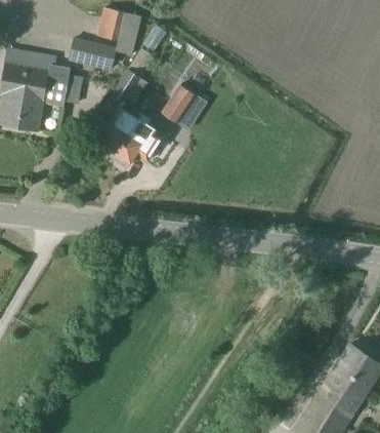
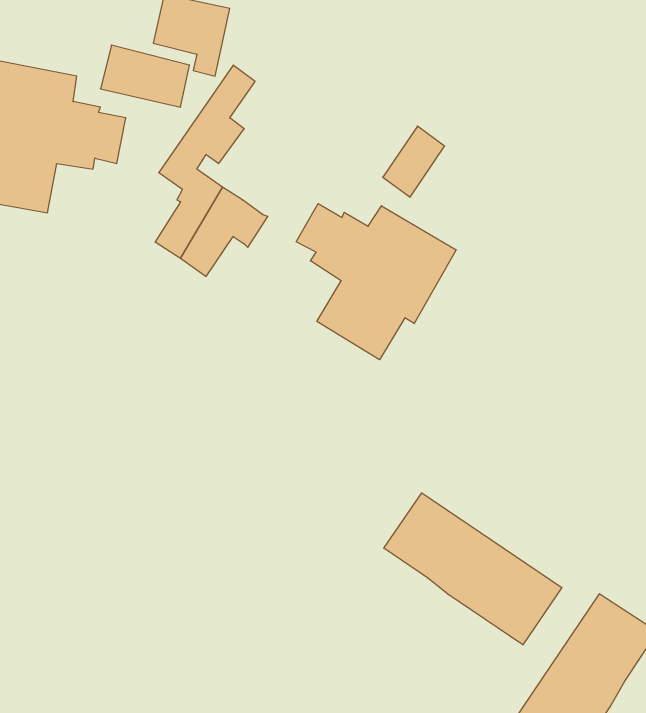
building: [163,83,198,123] -> [383,126,445,197]
building: none -> [296,204,456,360]
building: none -> [384,493,562,645]

